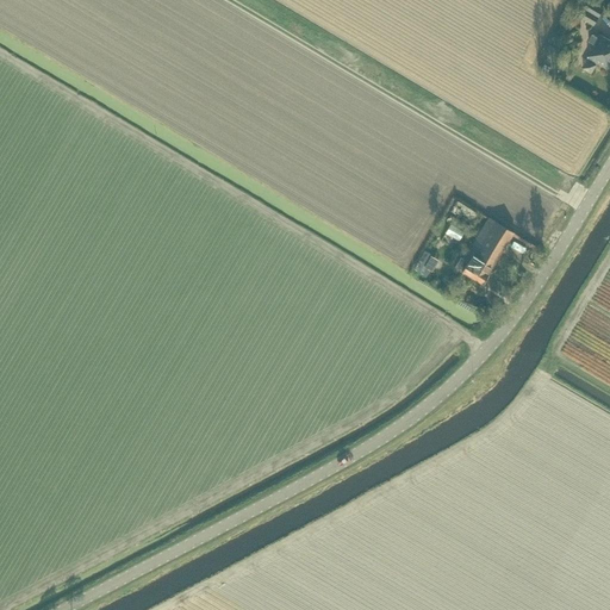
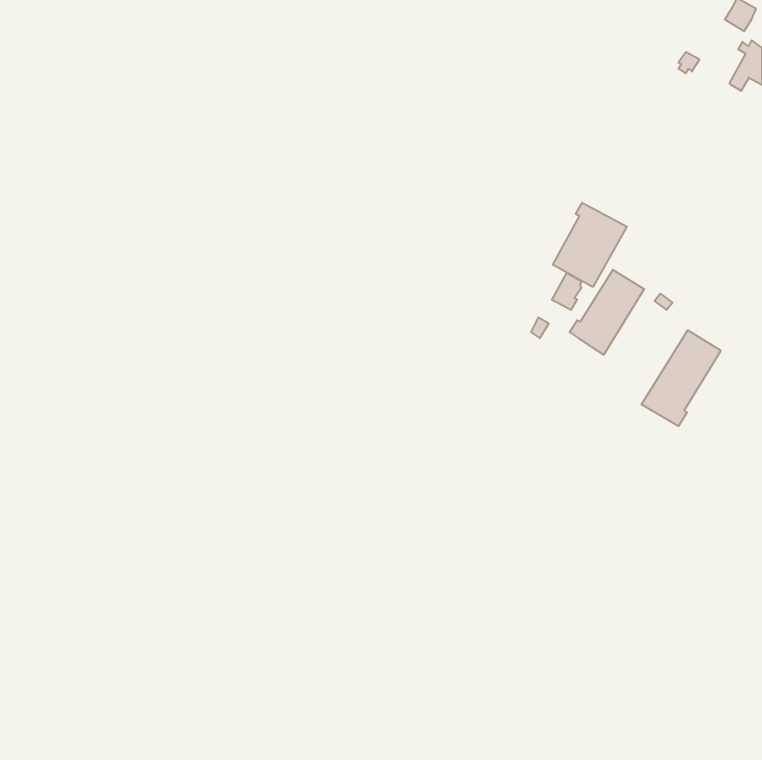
building: none -> [553,203,627,287]
building: none -> [641,330,721,426]

